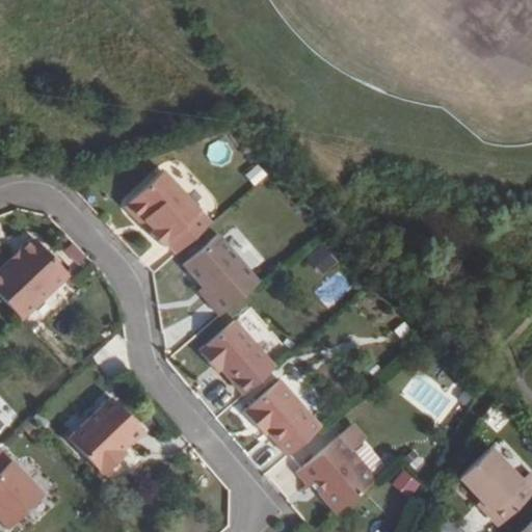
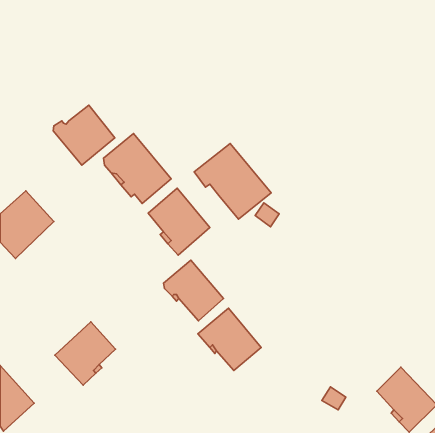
building: none -> [53,105,115,165]
building: none -> [194,143,271,219]
building: [296,433,375,514] -> none

